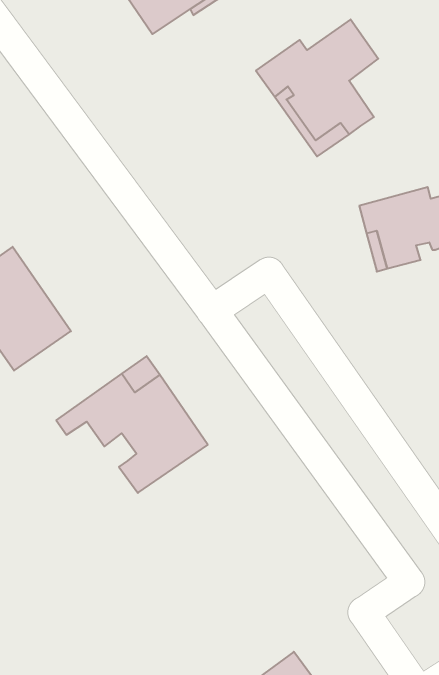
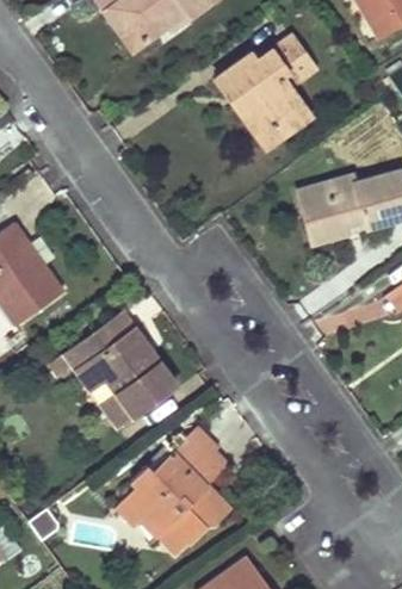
building: none -> [117,426,234,556]

